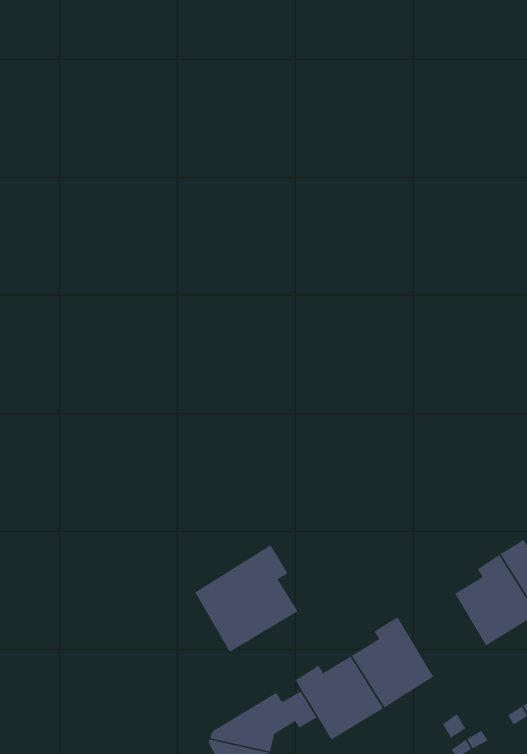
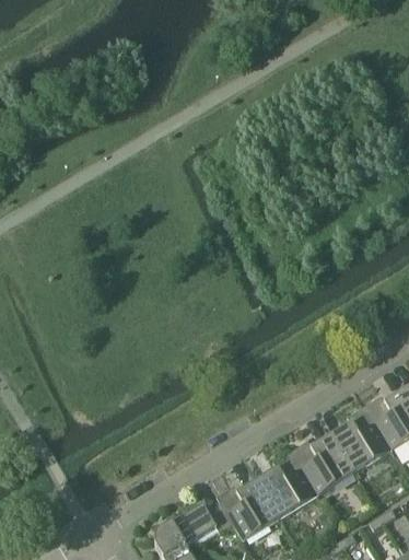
building: [194,544,299,653] -> none
building: none -> [290,435,353,495]

